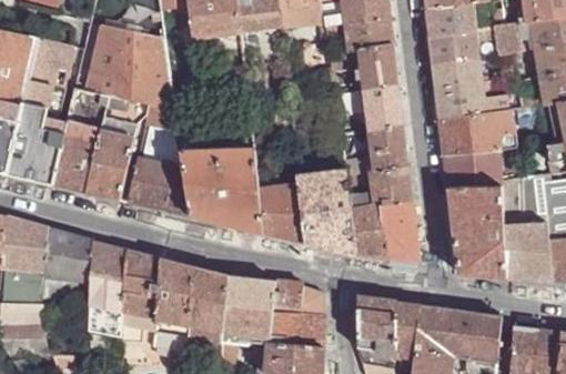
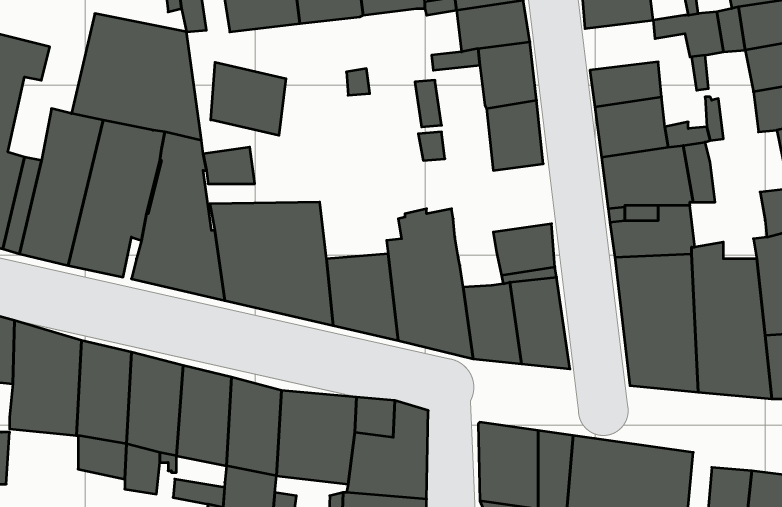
building: [428,29,477,62] -> none
building: none -> [211,62,286,135]
building: [341,124,406,173] -> none

